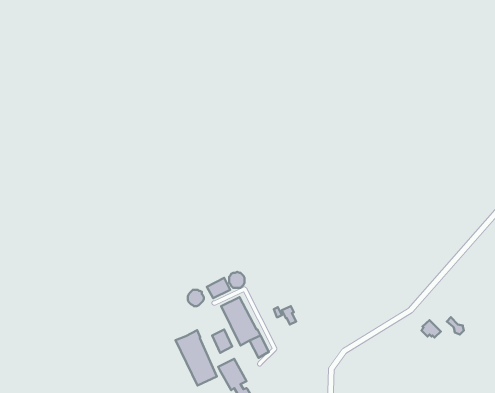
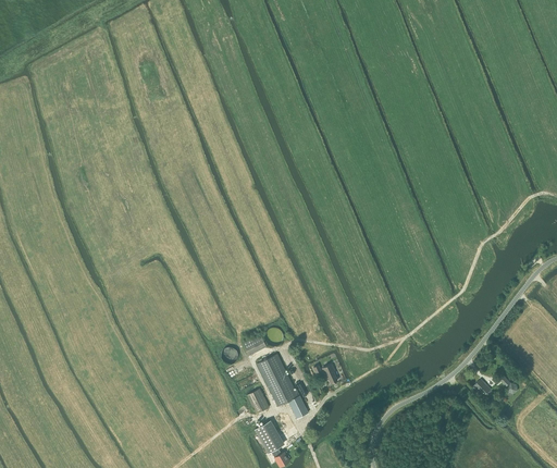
building: [176,330,217,386] -> none

